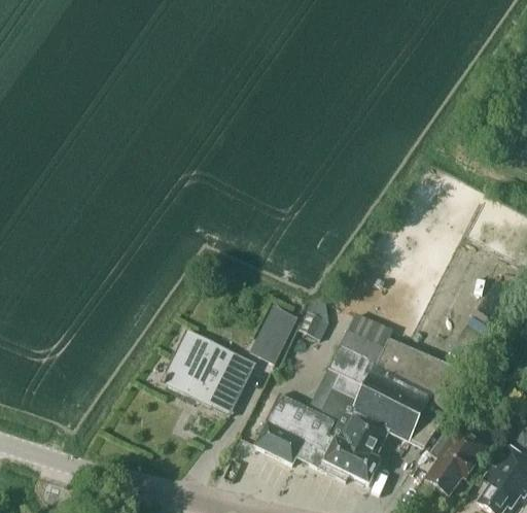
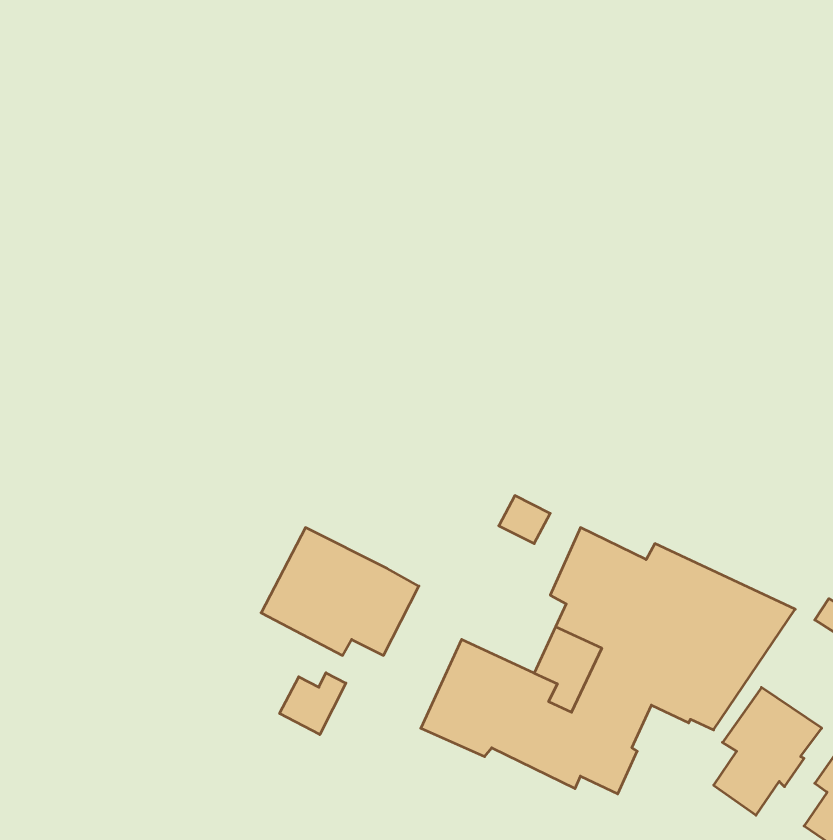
building: [250,305,297,364] -> none
building: [347,312,393,348] -> none
building: none -> [280,673,346,735]

